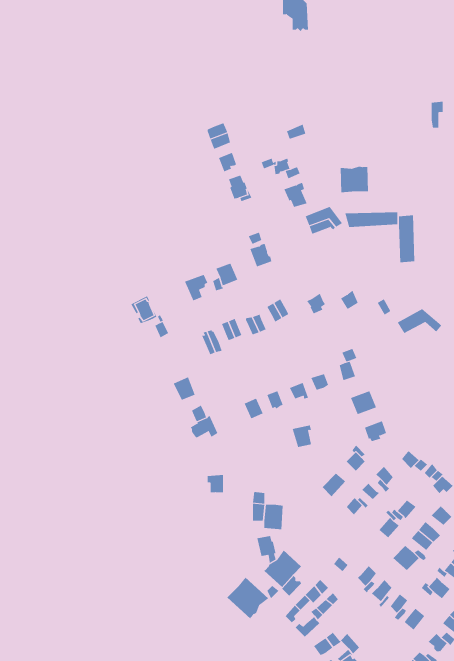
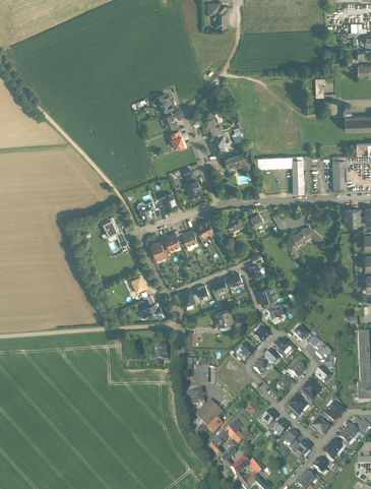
building: [340,166,369,193] -> none
building: [227,577,269,619] -> none

